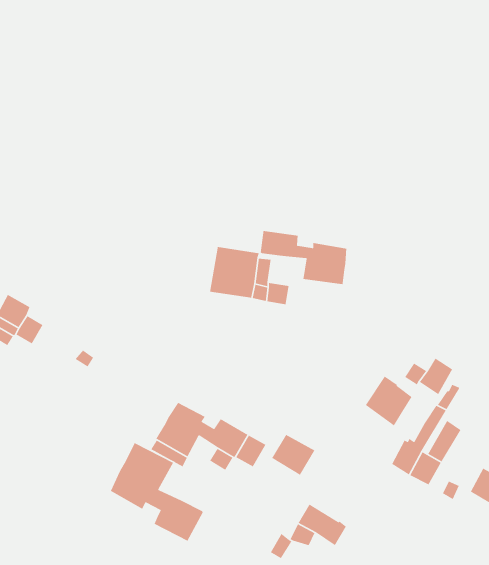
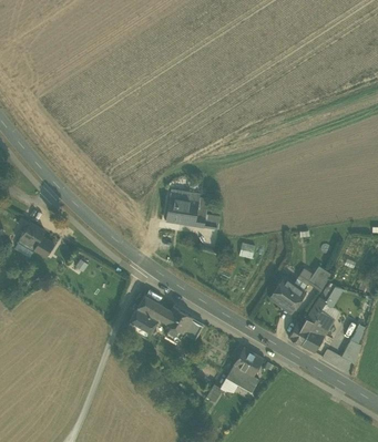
building: [260,230,347,286] -> none
building: [271,434,315,476] -> [233,348,263,377]
building: [110,441,204,542] -> none

